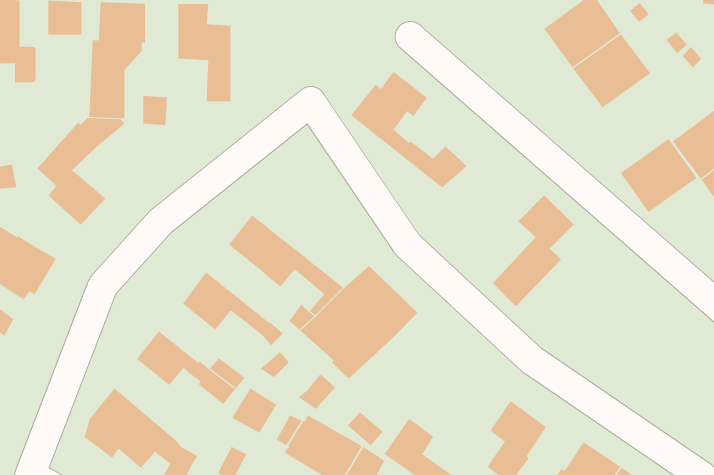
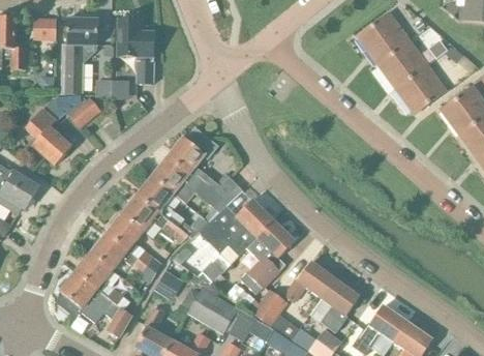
building: [350,71,468,188] -> [167,127,243,204]
building: none -> [66,97,100,127]
building: [620,138,697,213] -> [395,64,446,113]
building: [492,194,574,307] -> [241,220,295,294]
building: none -> [137,176,183,227]
building: none -> [105,214,143,253]
building: none -> [77,250,123,303]
building: none -> [283,261,335,301]

